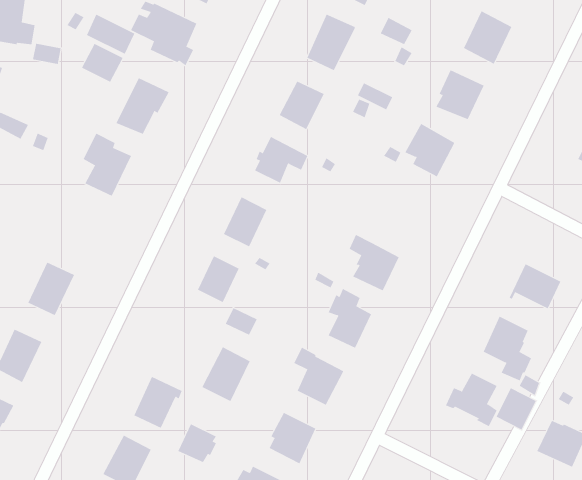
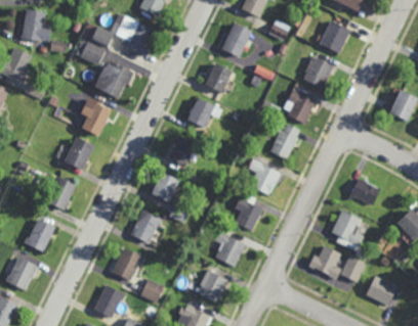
building: none -> [269,123,299,159]
building: none -> [65,136,95,170]
building: [201,346,250,402] -> [130,208,161,243]

